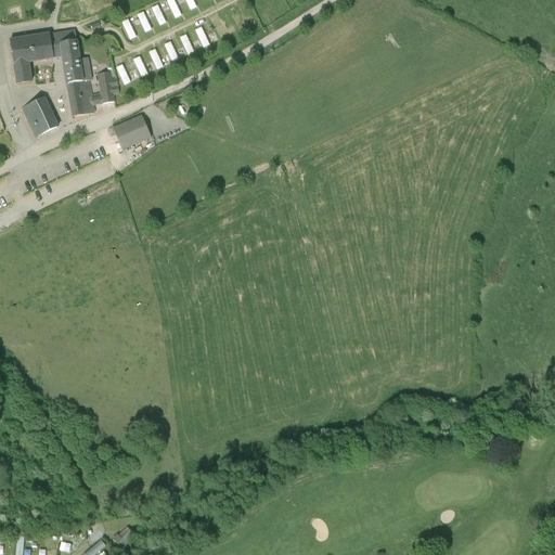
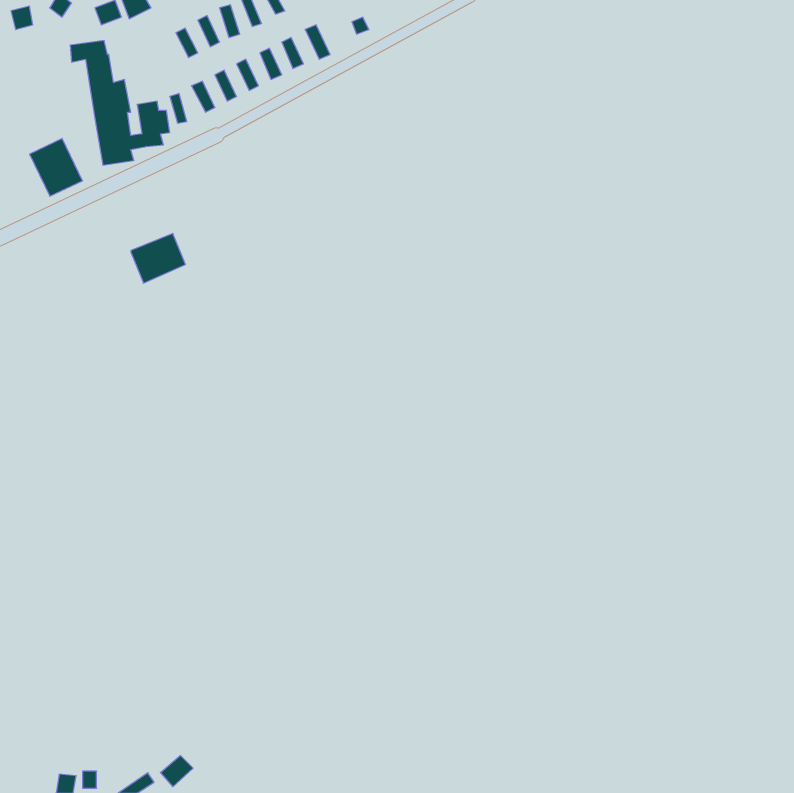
building: [9,31,52,82] -> none
building: [112,114,150,149] -> [131,233,185,283]

